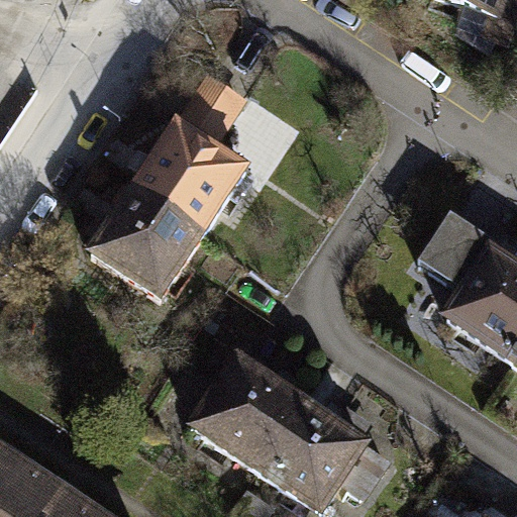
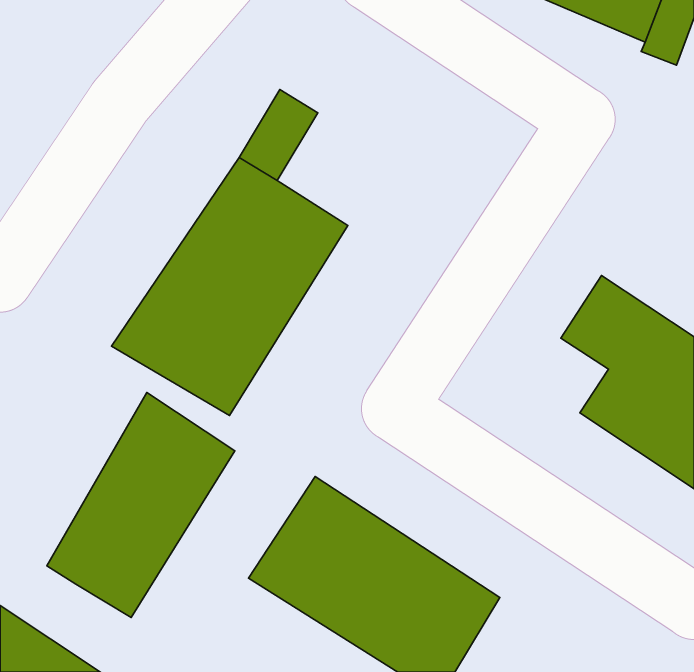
building: none -> [47,392,235,618]

